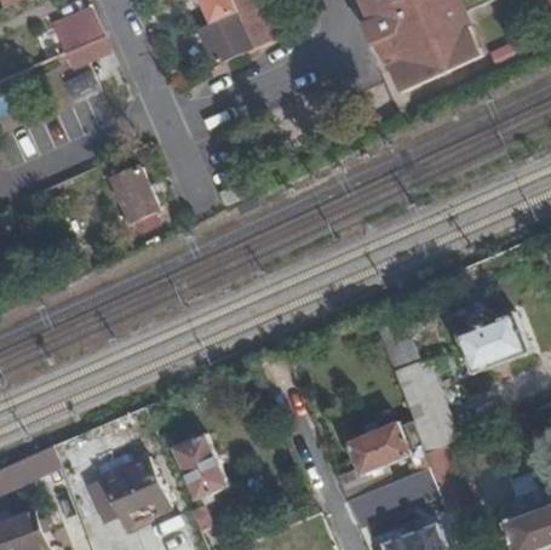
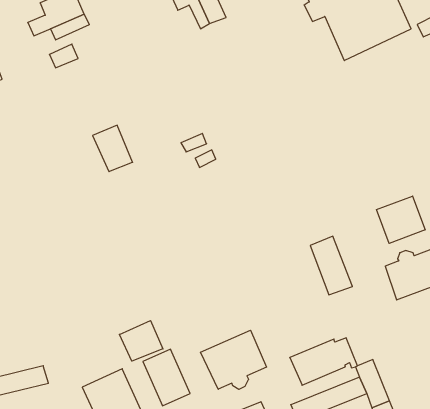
building: none -> [377,196,425,243]
building: none -> [119,321,163,361]
building: none -> [200,330,267,389]

